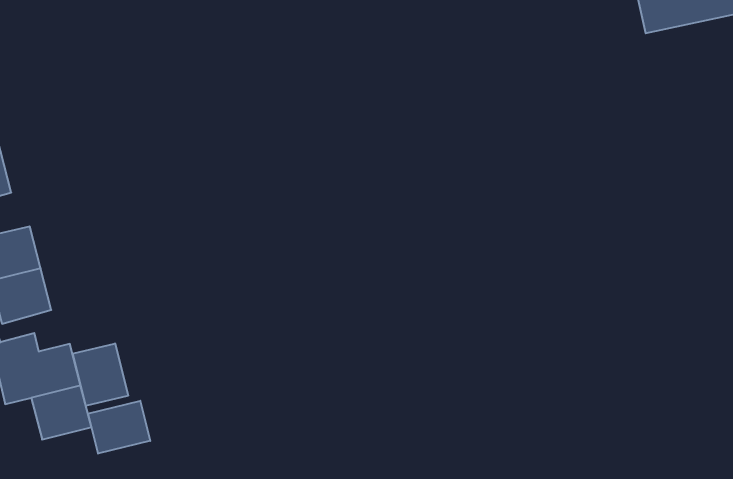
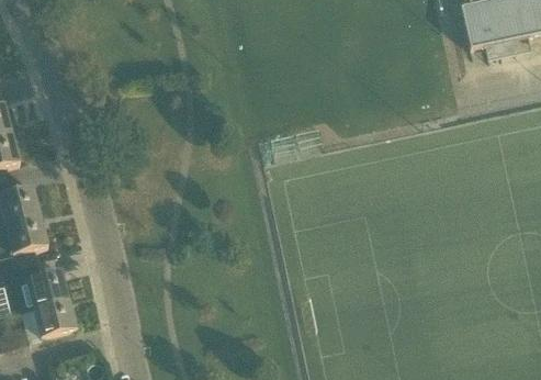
building: [73,343,128,406] -> none
building: [88,401,150,454] -> none

